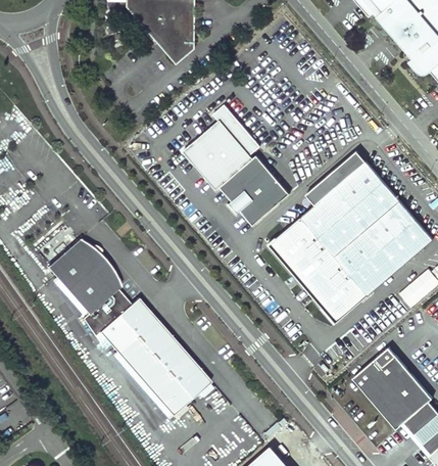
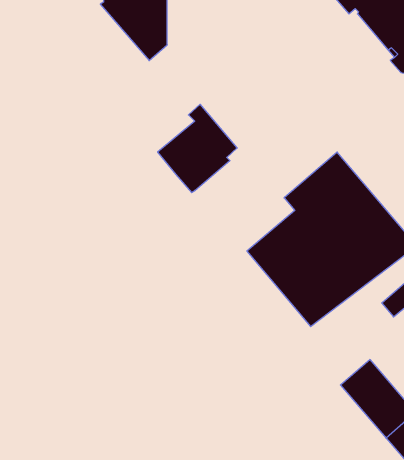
building: [220,154,289,225] -> none
building: [48,240,212,415] -> none

